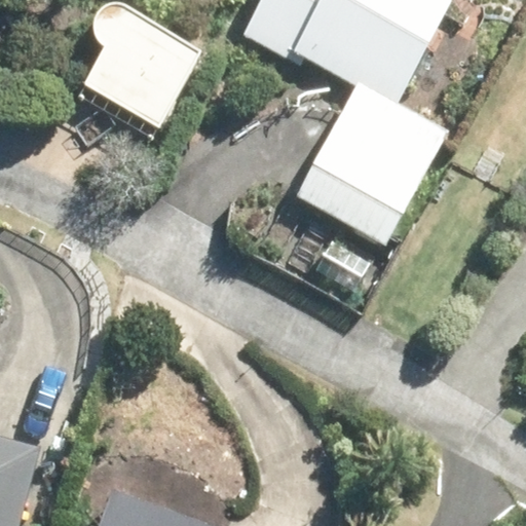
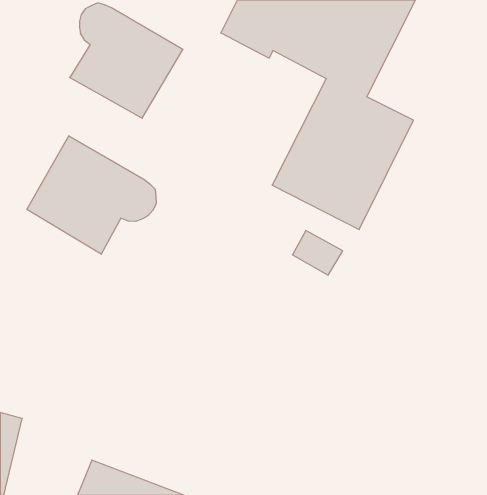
building: none -> [27,136,156,254]

